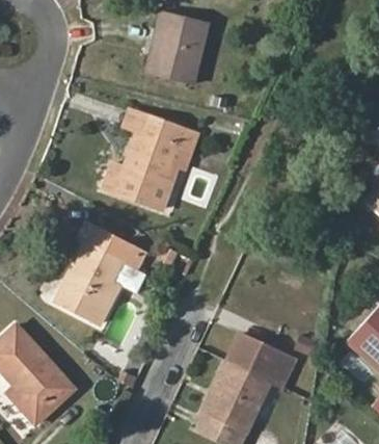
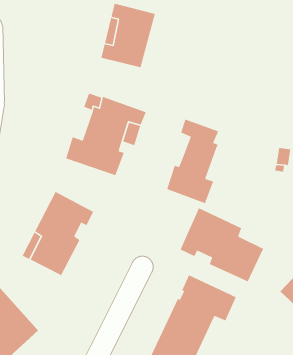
building: none -> [166,119,219,204]
building: none -> [179,207,264,282]

